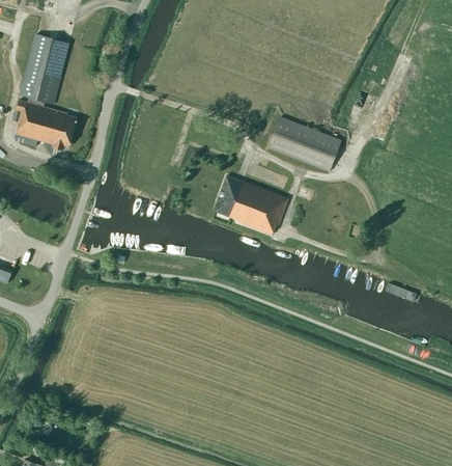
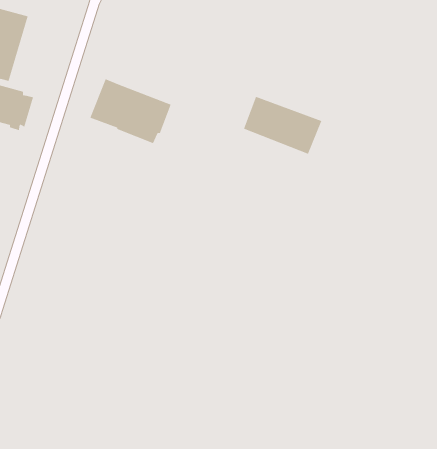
building: [213,174,288,235] -> [90,79,172,144]

